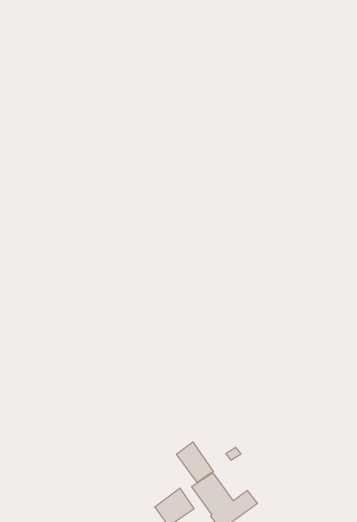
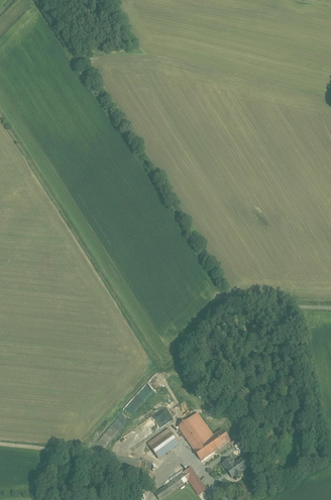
building: [176,442,213,483] -> none

